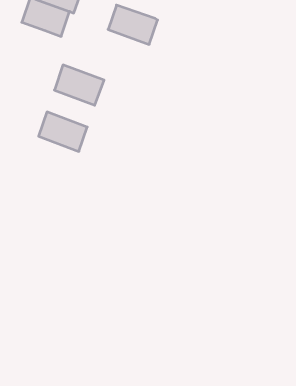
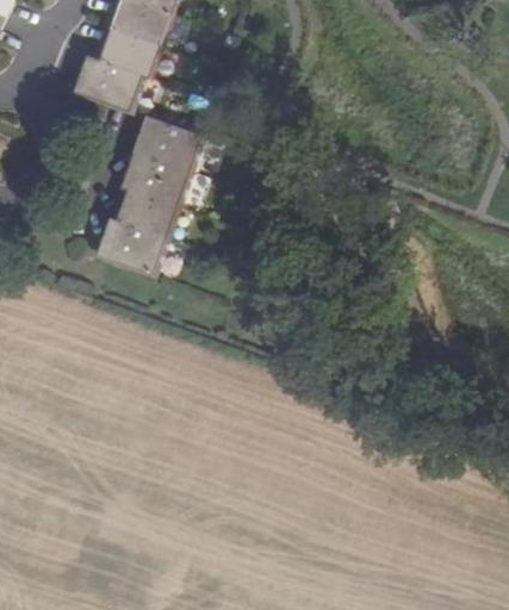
building: [108,5,158,44] -> [132,117,203,173]
building: none -> [110,187,178,239]

